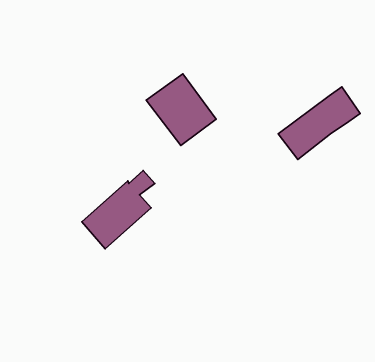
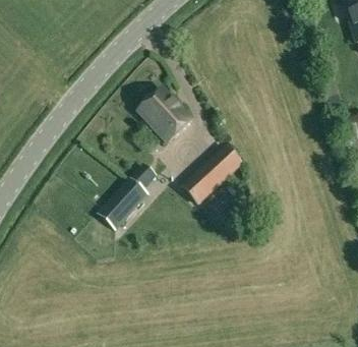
building: [278,87,360,159] -> [182,142,244,203]

